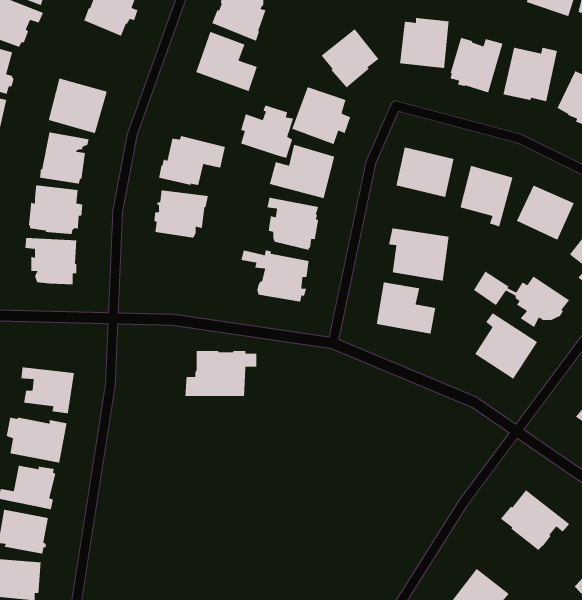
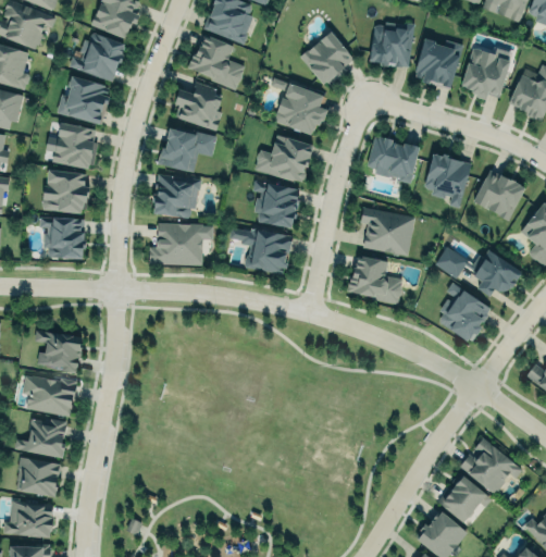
building: none -> [69,32,124,81]
building: [240,105,294,159] -> [174,82,222,129]
building: [185,350,257,397] -> [148,223,212,264]
building: none -> [438,474,488,524]

